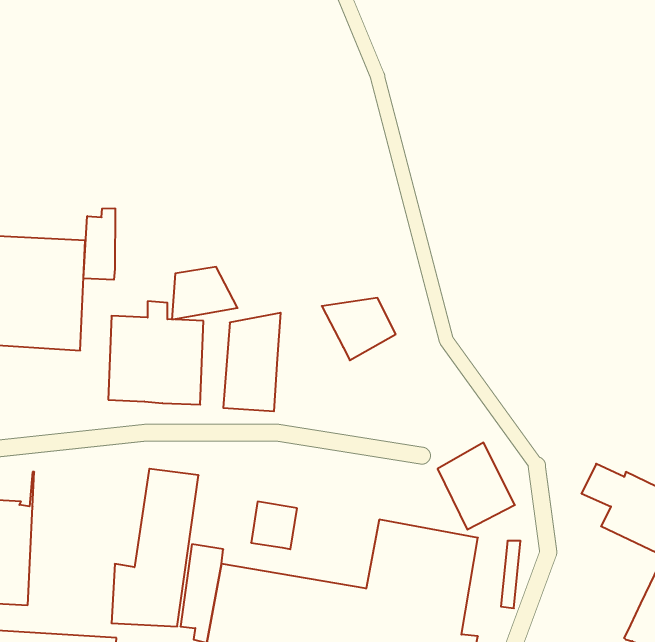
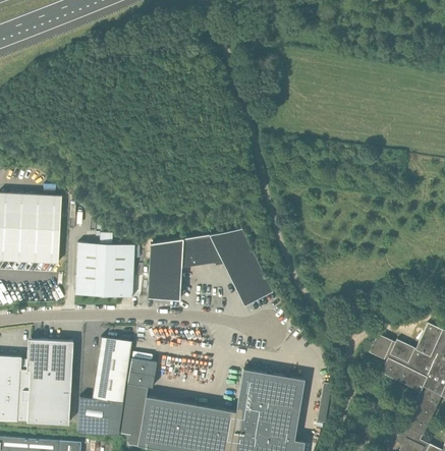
building: [83,208,115,280] -> none
building: [172,267,238,319] -> [180,236,221,269]
building: [438,443,515,530] -> [225,253,273,307]
building: none -> [25,339,73,424]
building: [251,502,297,549] -> [127,358,156,388]

